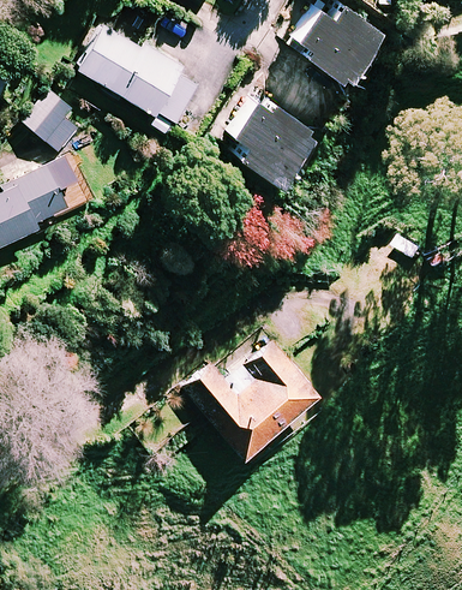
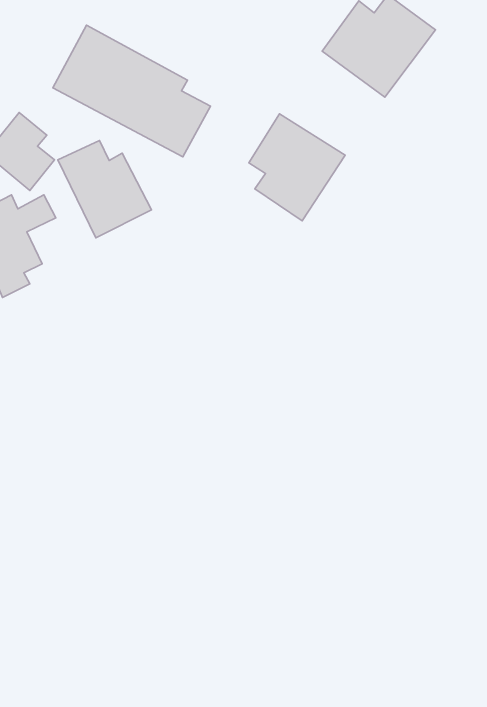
building: none -> [58,141,151,238]
building: [186,339,319,459] -> none

